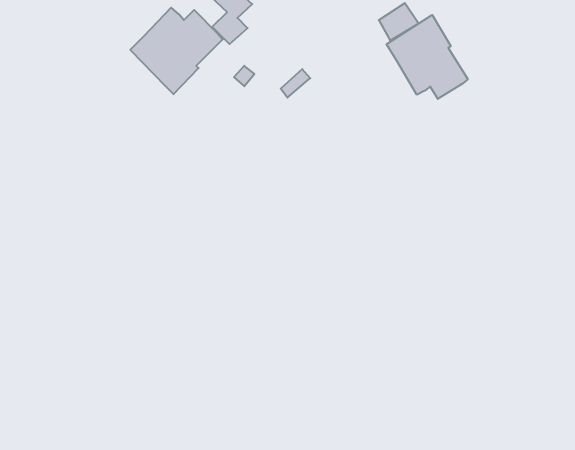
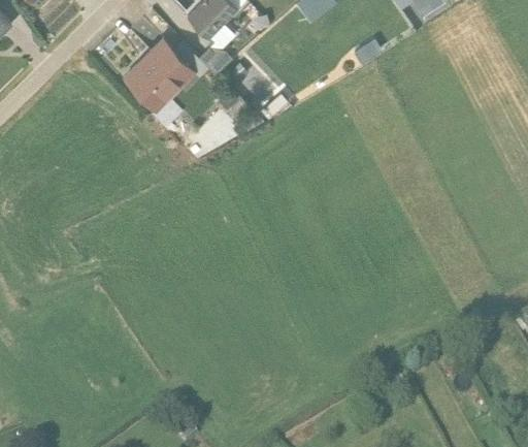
building: [387,15,468,99] -> none

